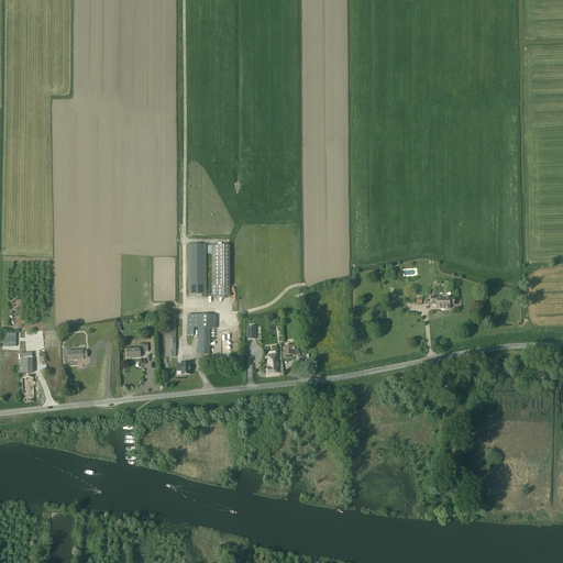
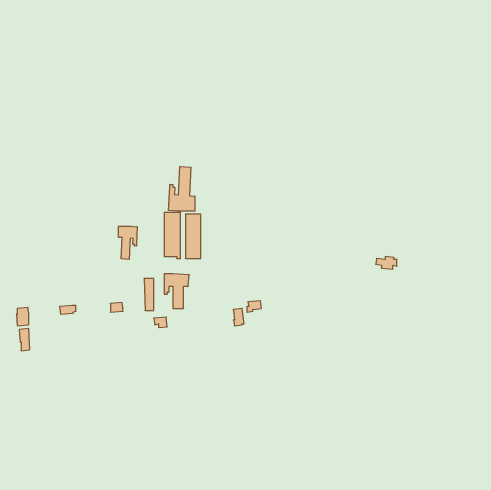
building: none -> [169,166,195,211]
building: none -> [118,226,137,259]

